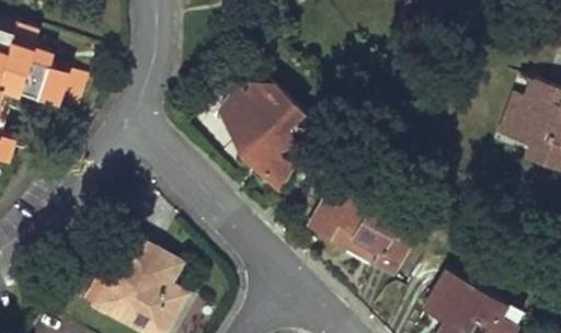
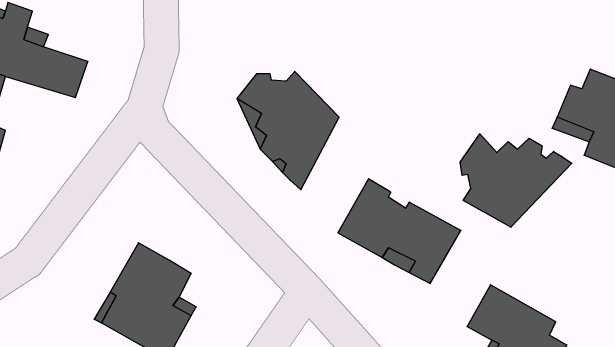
building: none -> [460,134,572,227]

